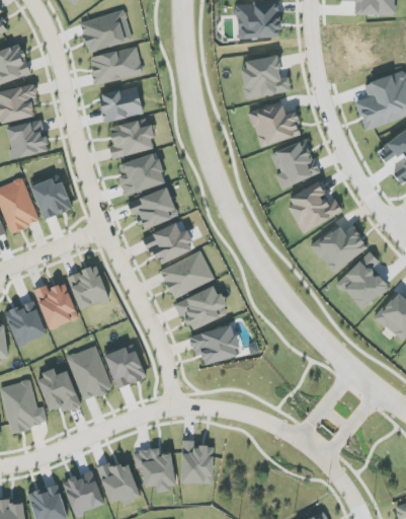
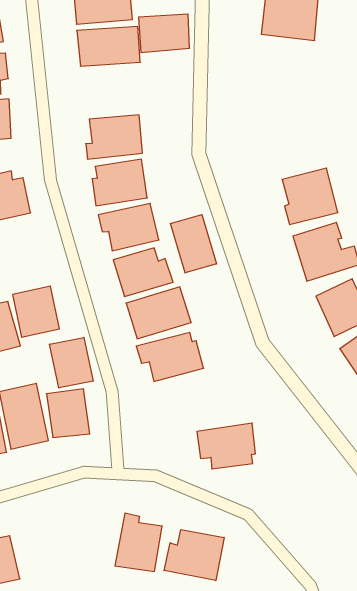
building: [240,55,291,99] -> none
building: [98,86,143,123] -> [139,14,189,53]
building: [249,101,300,147] -> none
building: none -> [170,215,217,273]
building: none -> [50,337,93,388]
building: [188,323,238,365] -> [197,423,255,469]
building: none -> [164,530,224,581]
building: [134,448,175,491] -> none
building: [97,460,141,505] -> none

